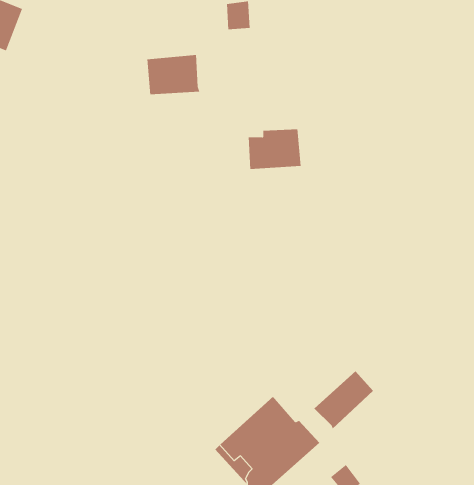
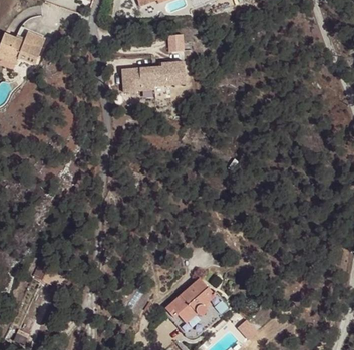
building: [248,129,301,169] -> [152,61,186,86]
building: [313,371,374,430] -> none

